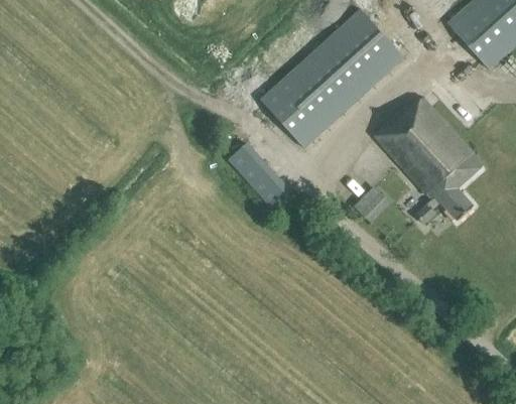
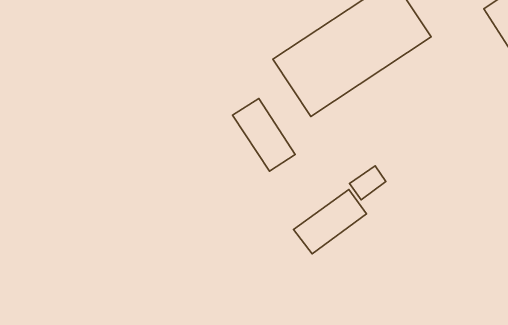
building: [374,99,483,225] -> none
building: none -> [294,190,366,254]

